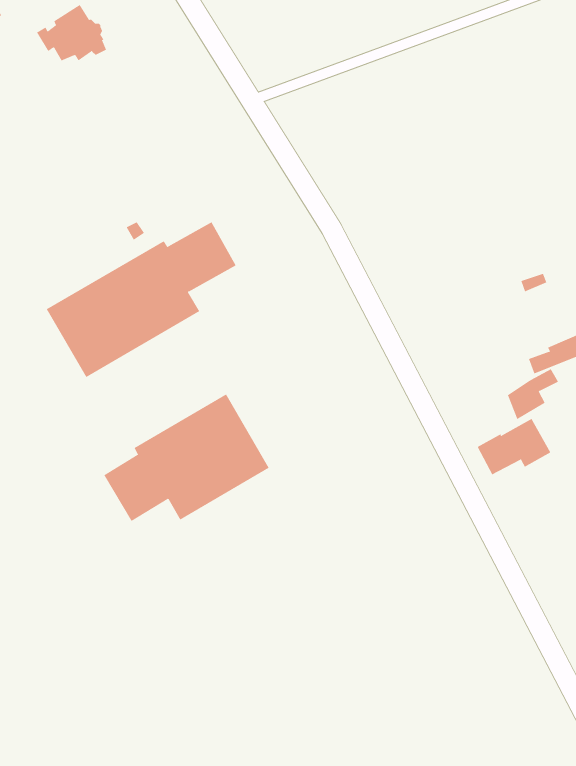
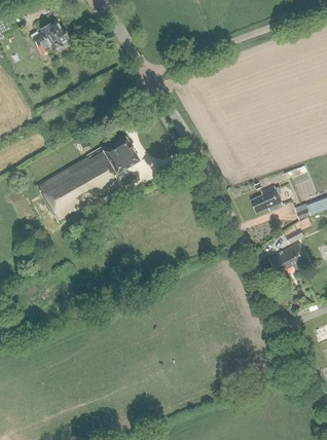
building: none -> [250,185,283,213]
building: [104,393,270,522] -> none

